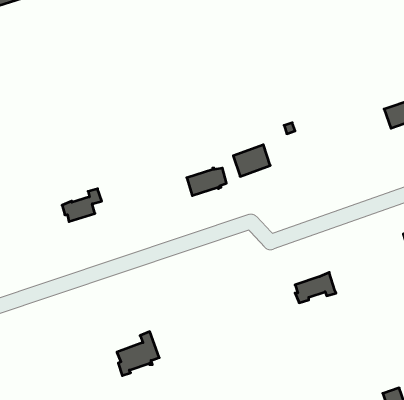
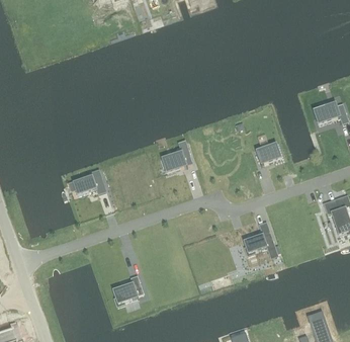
building: [233,145,270,176] -> [252,143,279,166]

